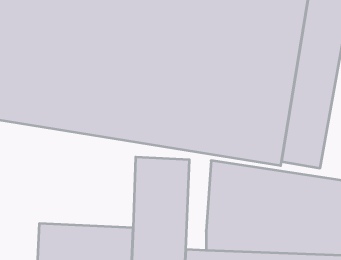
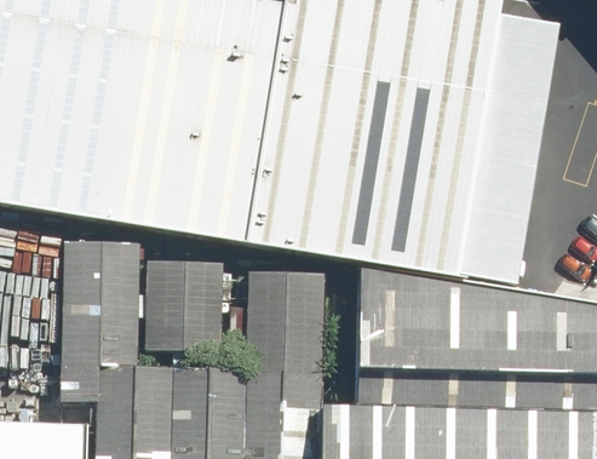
building: none -> [59,240,137,401]
building: none -> [144,249,223,351]

